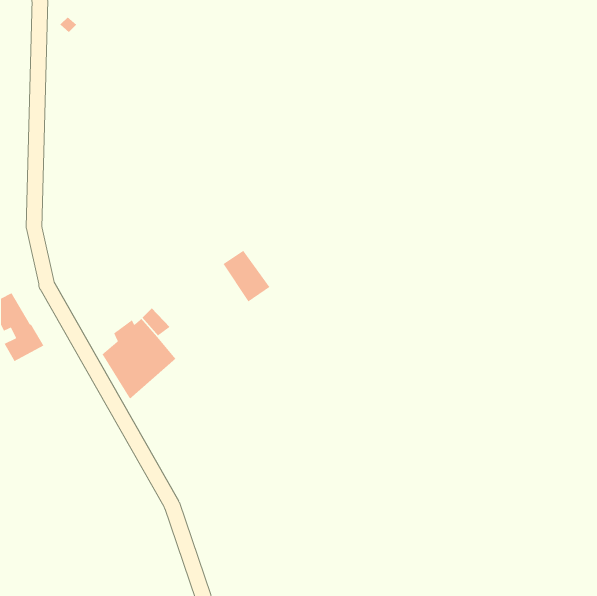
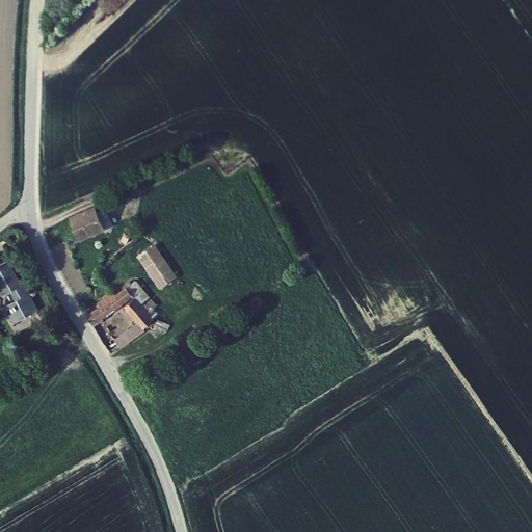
building: none -> [71,210,104,241]
building: [223,250,271,303] -> [137,245,180,292]

